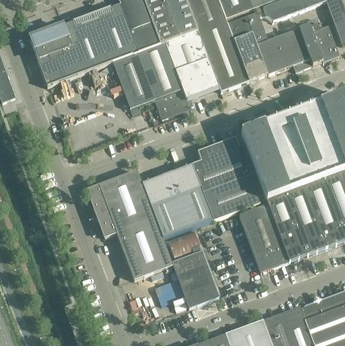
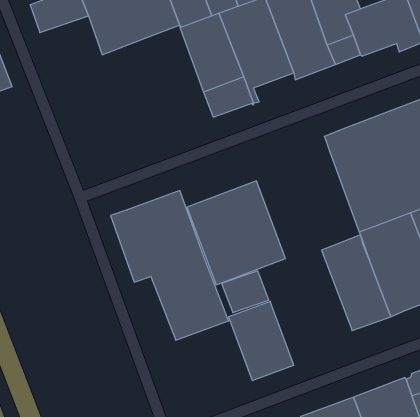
building: [36,44,81,85] -> none
building: [112,51,154,108] -> none
building: [192,135,260,219] -> none

